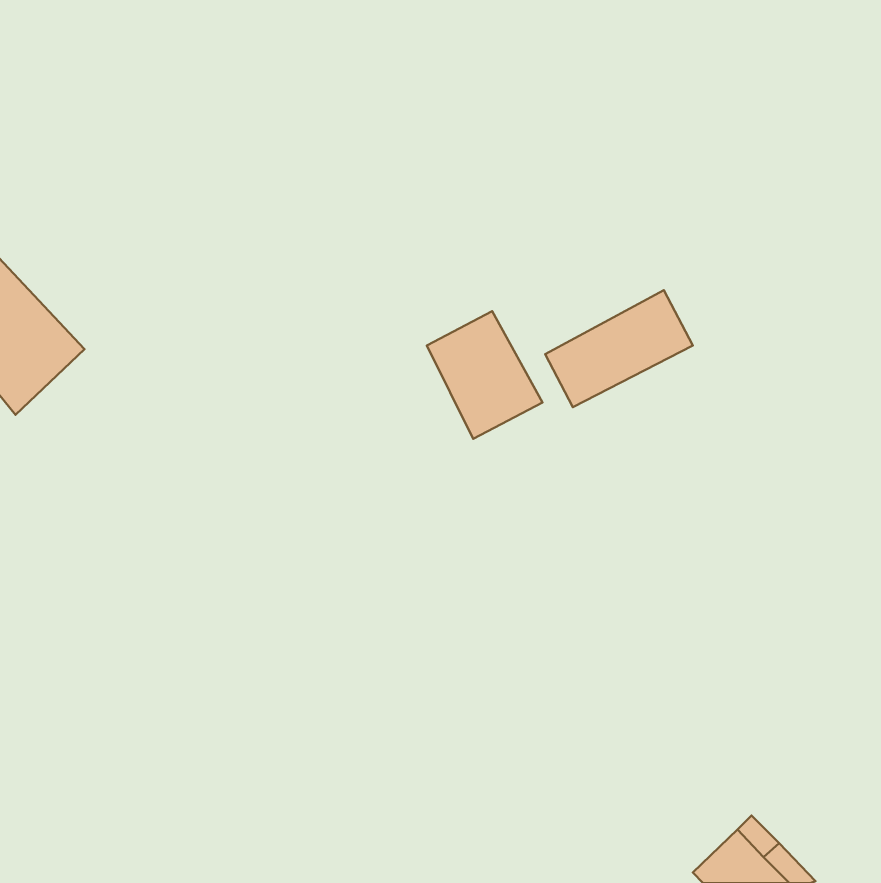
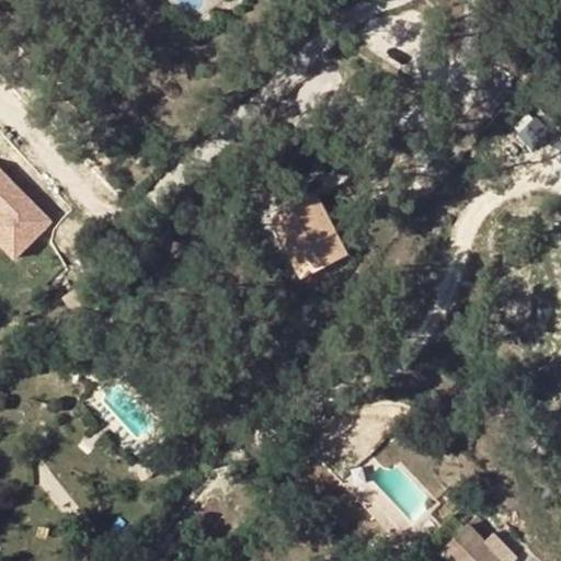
building: [545,290,693,407] -> none

